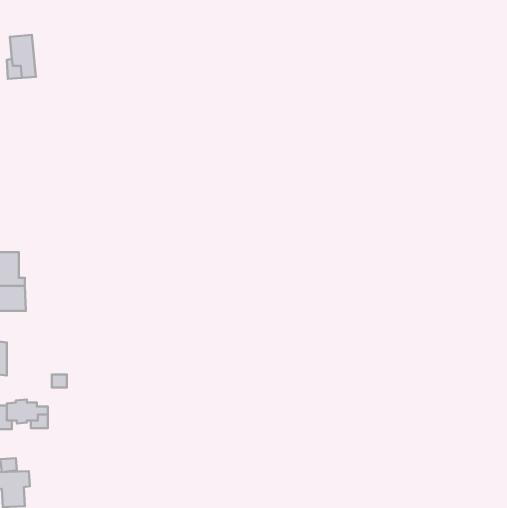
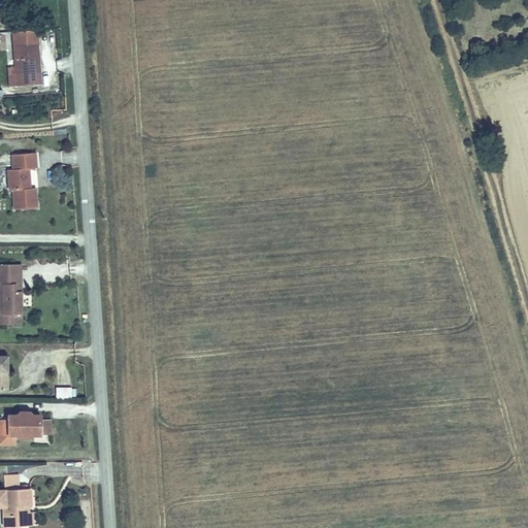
building: none -> [7,148,35,206]

